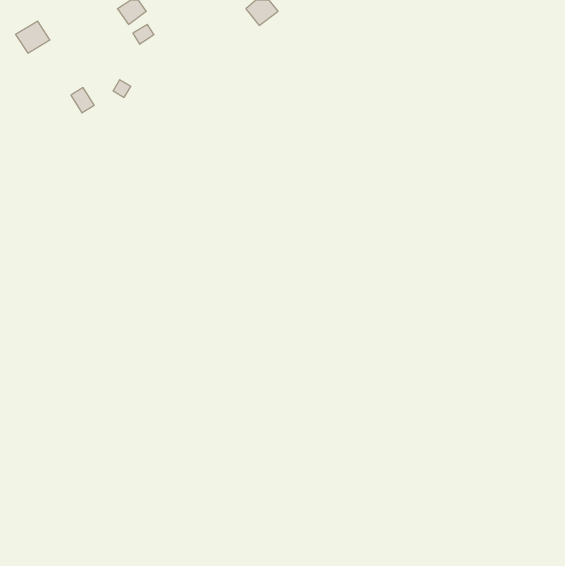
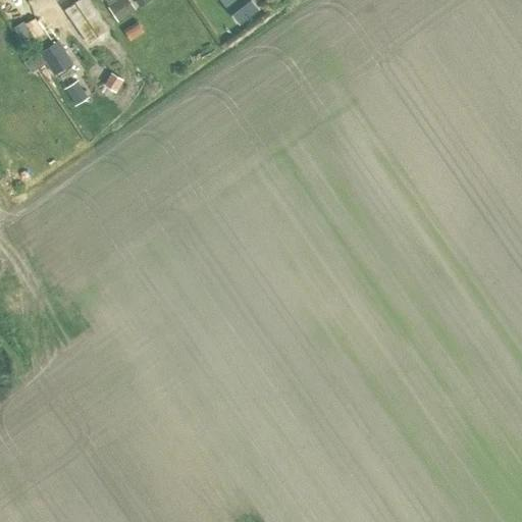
building: none -> [40,39,74,74]

